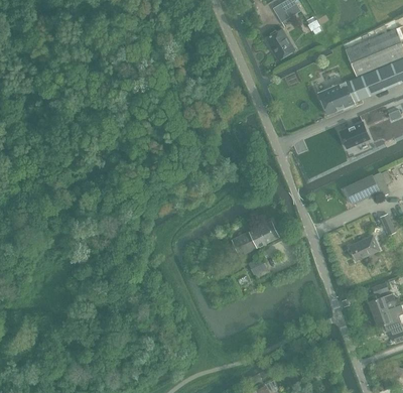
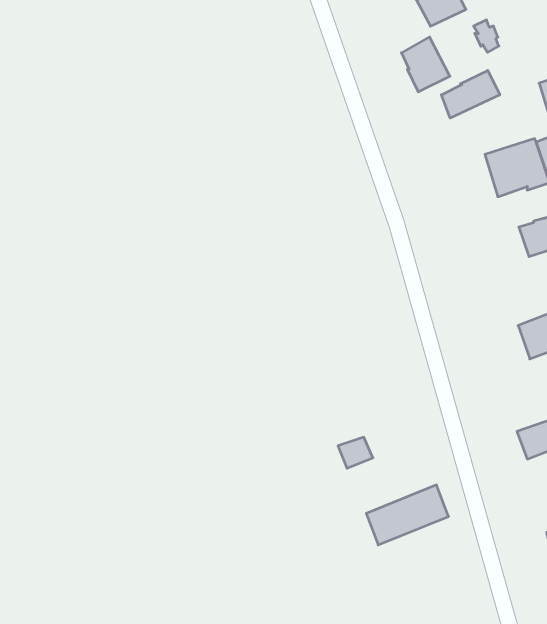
building: none -> [441,70,500,118]
building: [232,220,278,256] -> [366,485,449,545]

